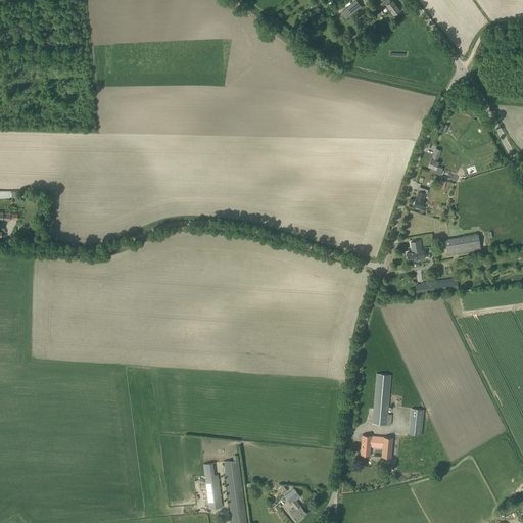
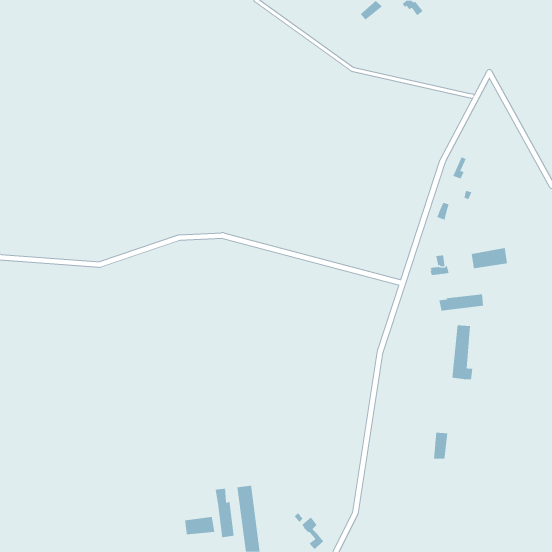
building: [372,373,392,425] -> [451,325,473,380]
building: [361,434,392,457] -> none
building: none -> [184,516,215,535]

